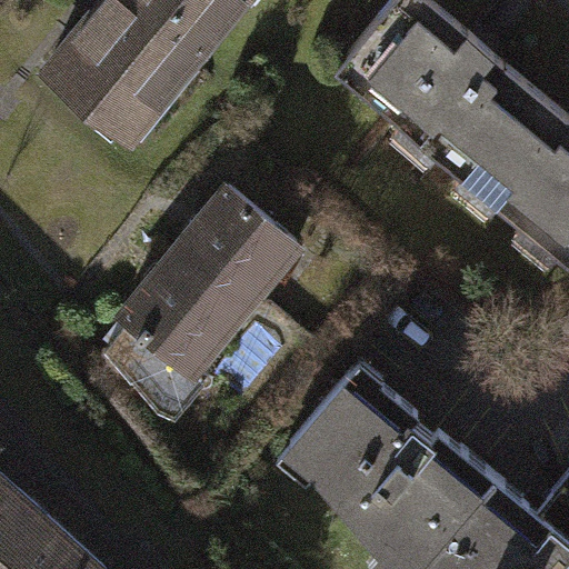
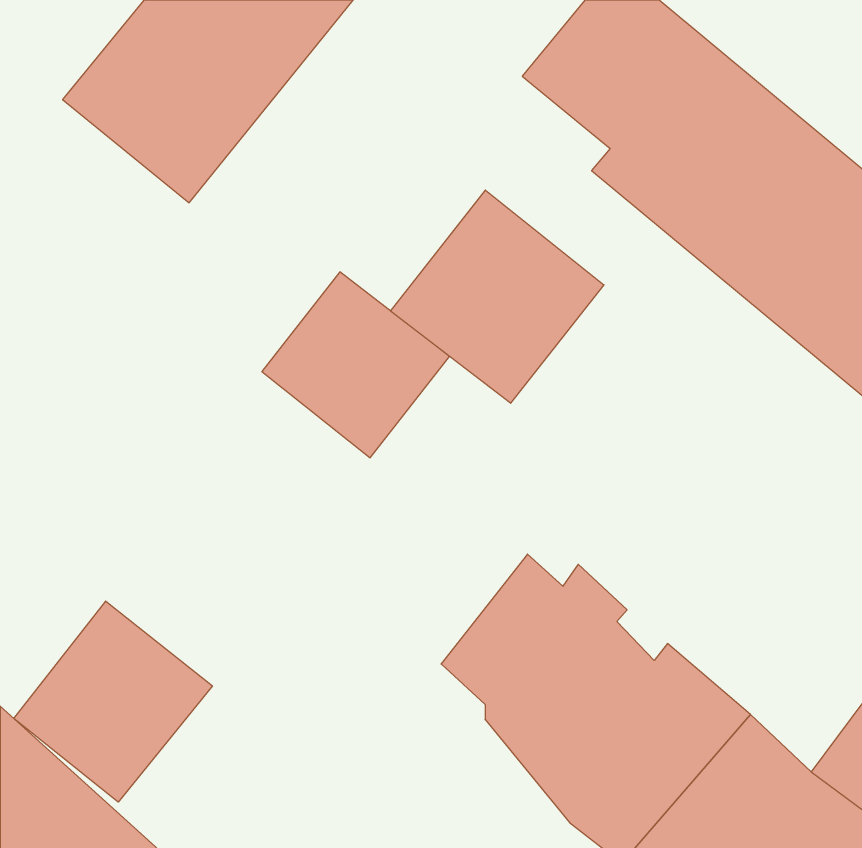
building: none -> [391,190,604,403]
building: [116,254,244,402] -> none
building: none -> [14,601,212,802]

